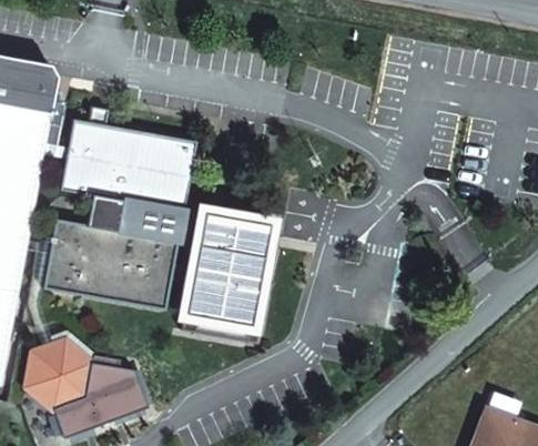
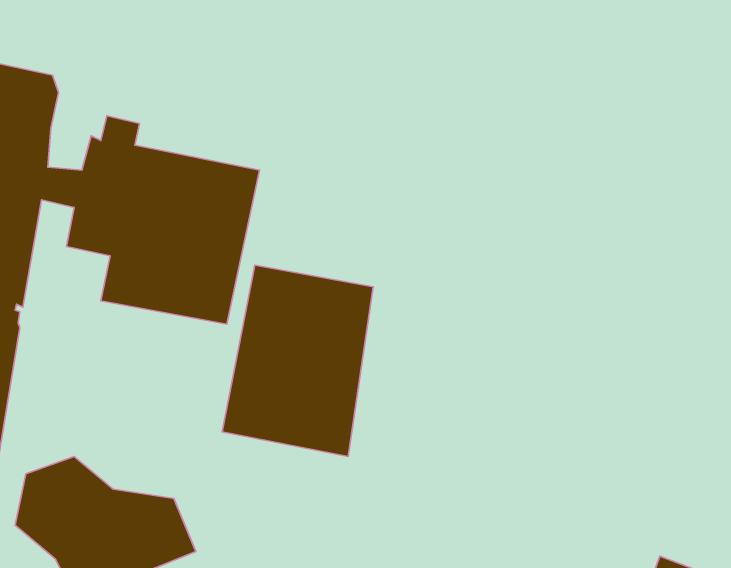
building: [39,220,176,312] -> none

